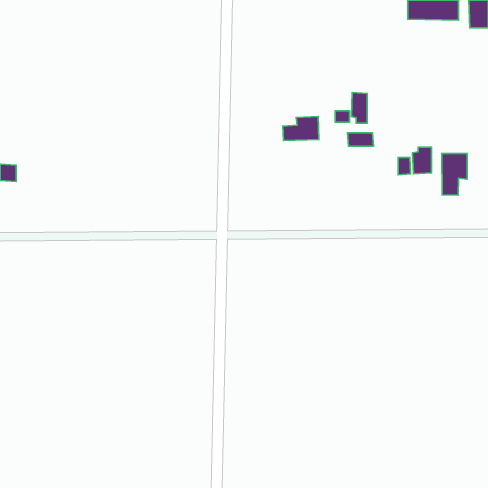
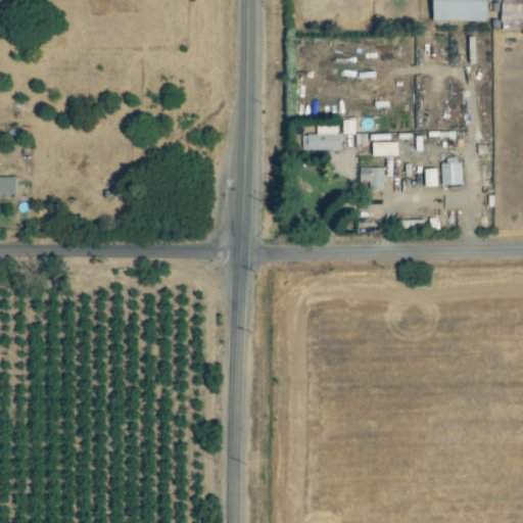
building: [351,92,367,123] -> none
building: [442,153,467,195] -> none
building: none -> [360,168,384,189]

